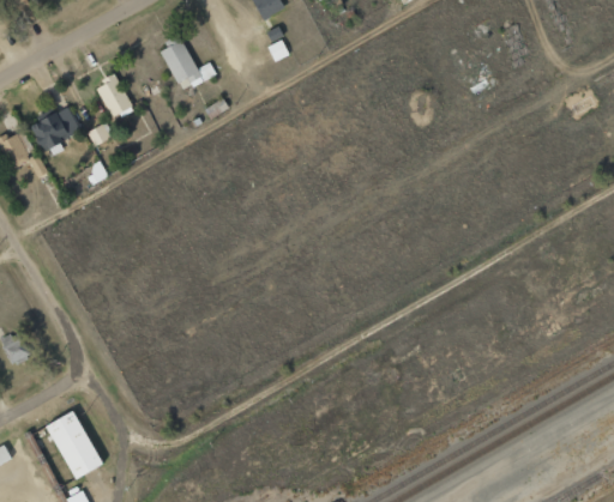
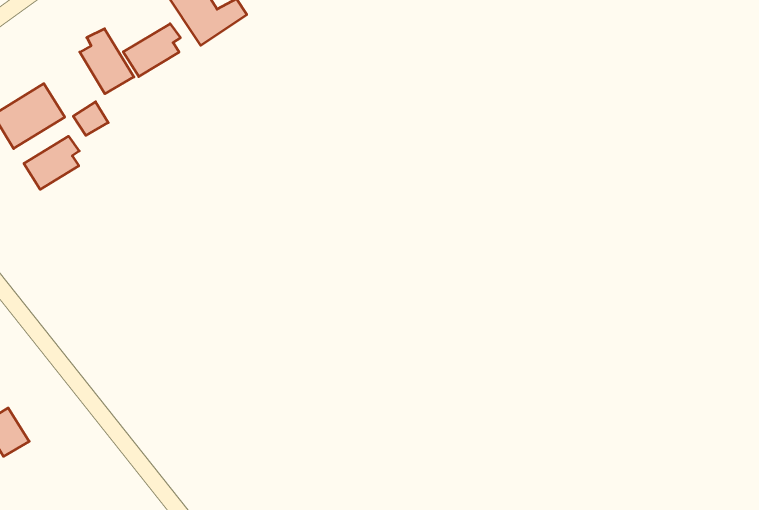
building: none -> [123,24,180,77]
building: none -> [24,136,79,189]

